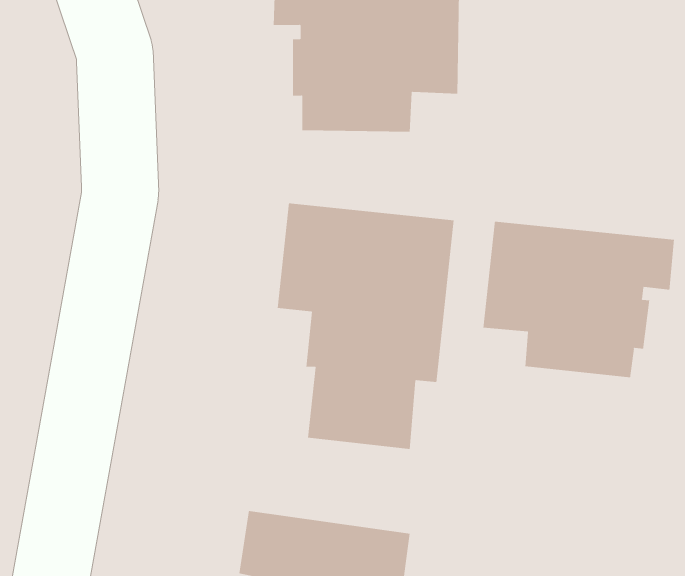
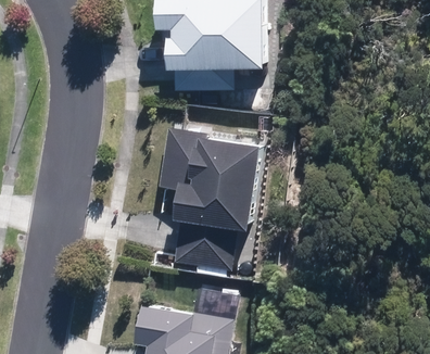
building: [483,221,674,378] -> none

